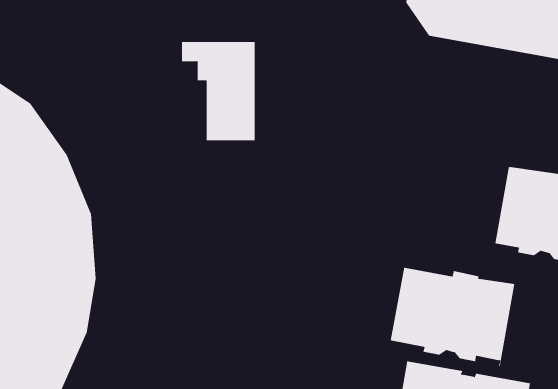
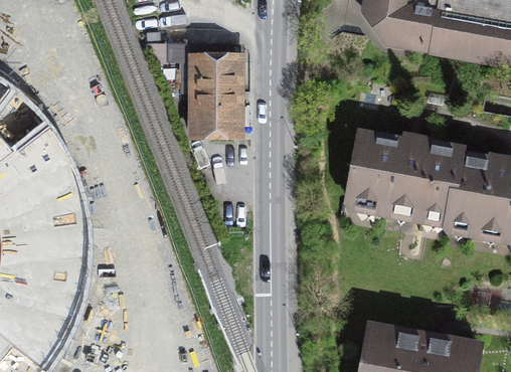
building: [390,267,515,366] -> [346,136,458,224]

